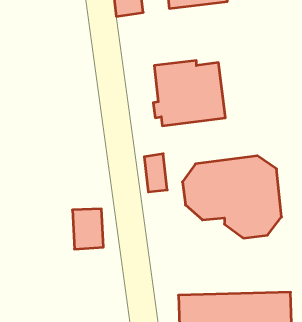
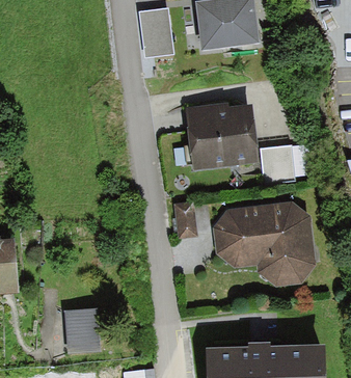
building: none -> [260,146,293,185]
building: [72,209,103,249] -> [64,310,97,352]

